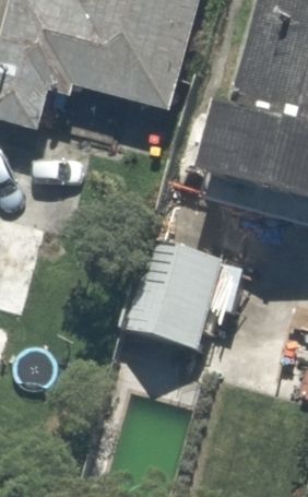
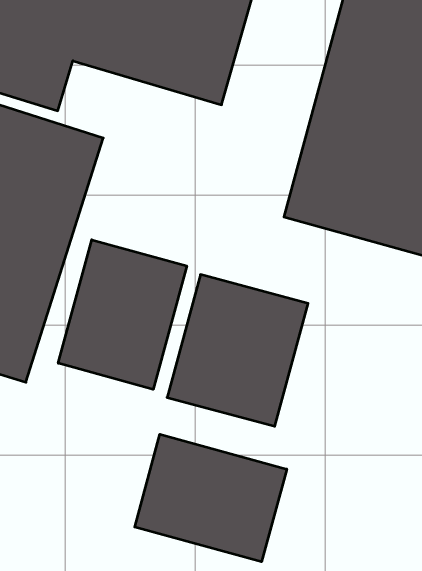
building: none -> [58,240,187,389]
building: none -> [135,434,287,562]

